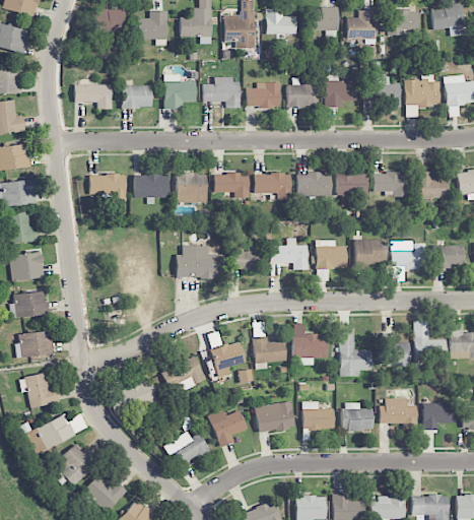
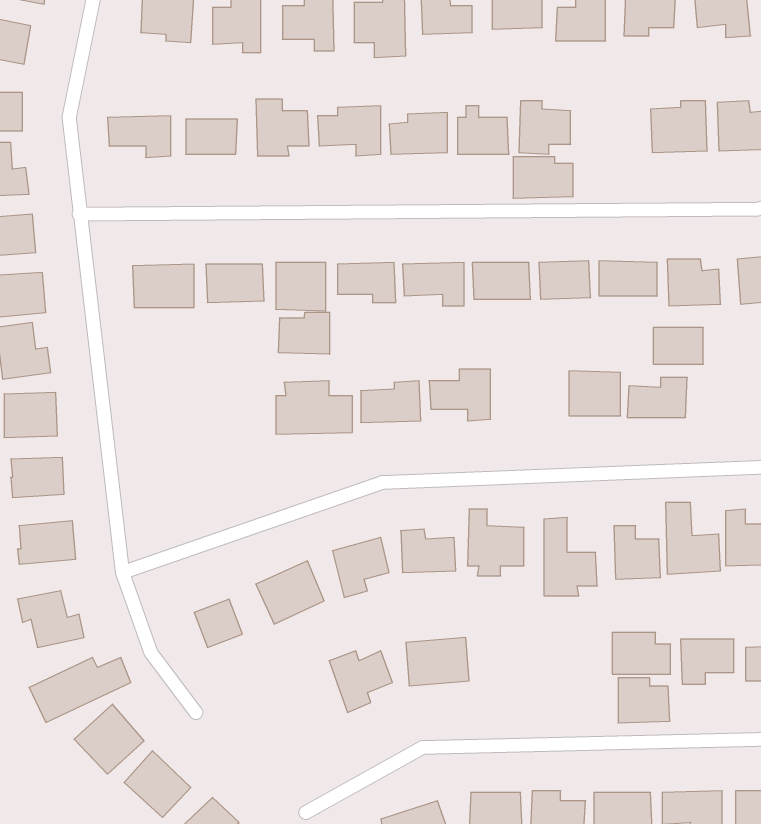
building: [364,79,401,105] -> [513,157,573,198]
building: none -> [279,312,330,354]
building: [317,241,347,281] -> none
building: [434,246,465,268] -> [653,328,703,364]
building: [302,401,334,430] -> none
building: [342,403,374,431] -> [618,678,670,723]
building: [164,432,212,468] -> none

